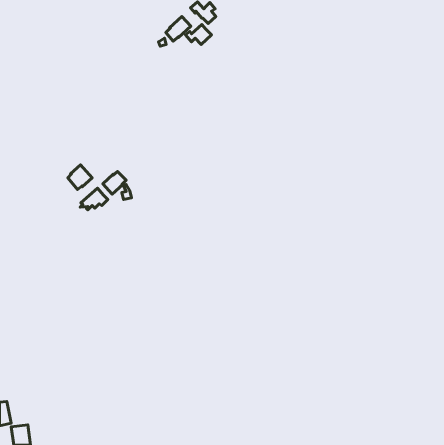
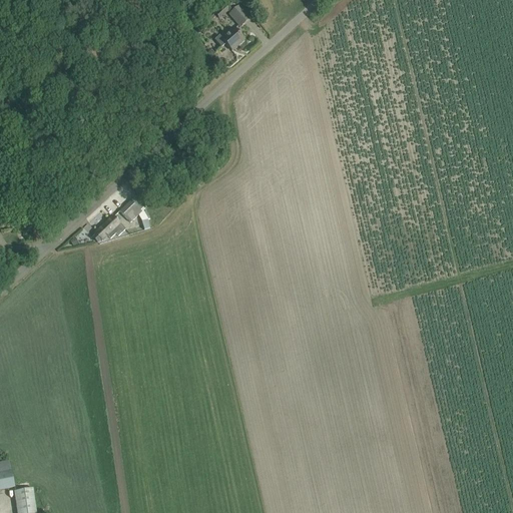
building: [166,16,191,41] -> none
building: [68,165,92,189] -> none

